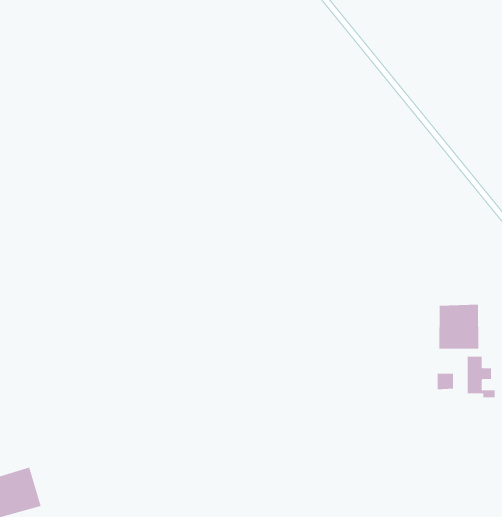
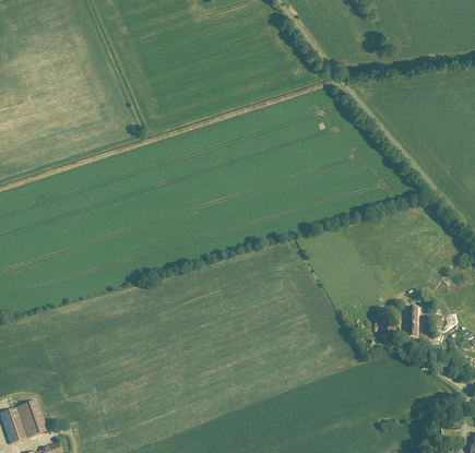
building: [439,304,479,350] -> none

